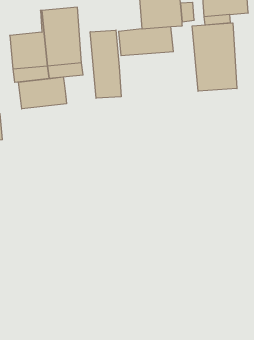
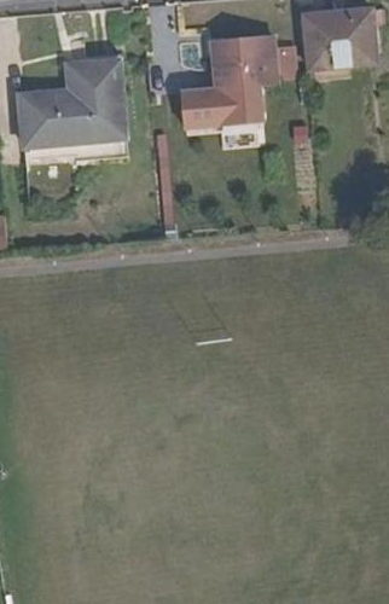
building: [192,23,237,91] -> none
building: [90,30,121,98] -> none
building: [19,77,66,109] -> none

